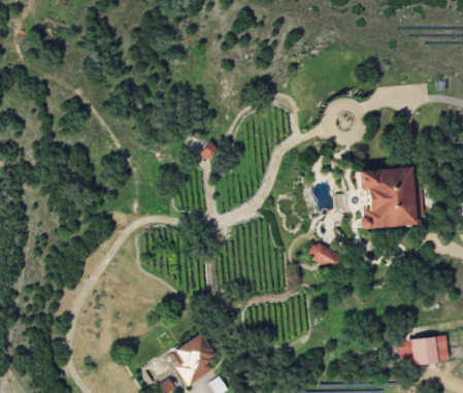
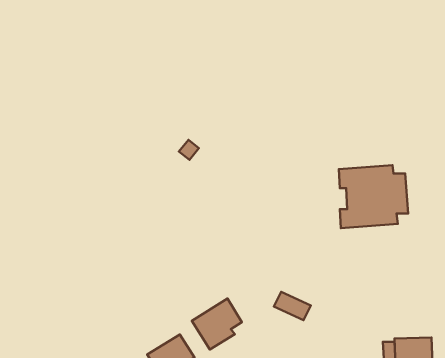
building: [307,241,343,269] -> [274,292,311,320]
building: none -> [192,299,242,349]

